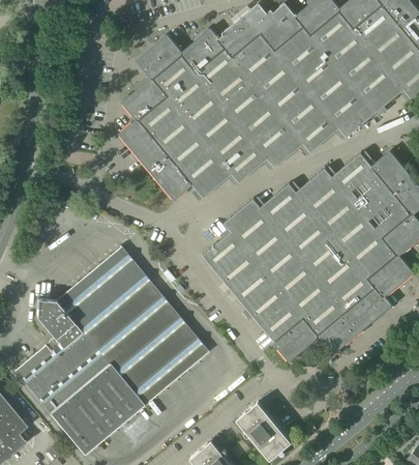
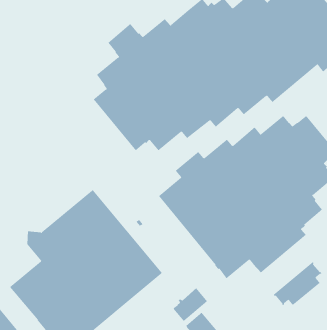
building: none -> [273,261,322,306]
building: none -> [173,288,208,322]

